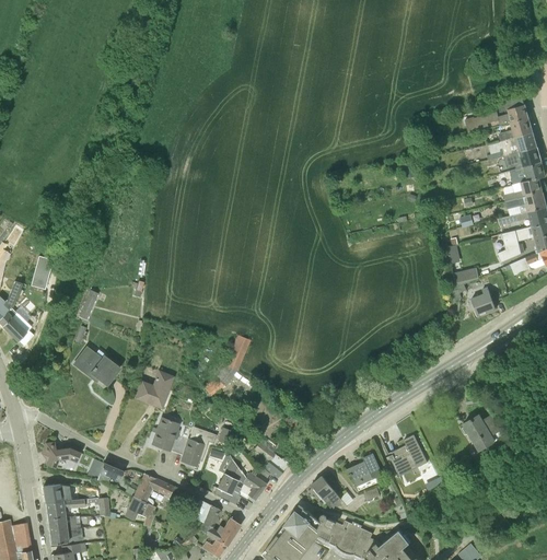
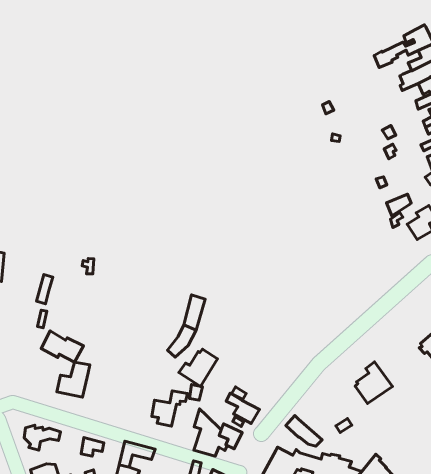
building: [136,371,174,408] -> [57,362,90,397]
building: none -> [179,349,217,387]
building: [152,418,182,453] -> none
building: [347,453,383,485] -> none

